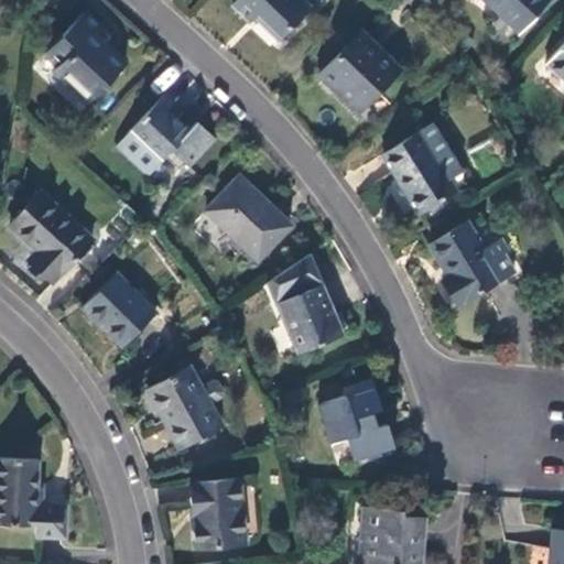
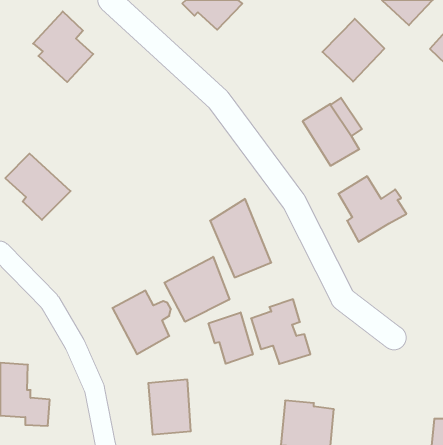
building: [319,33,398,112] -> [322,19,384,82]
building: [129,96,215,167] -> none
building: [207,178,290,260] -> none
building: [80,273,154,346] -> none
building: none -> [164,257,229,322]
building: none -> [209,312,253,364]

